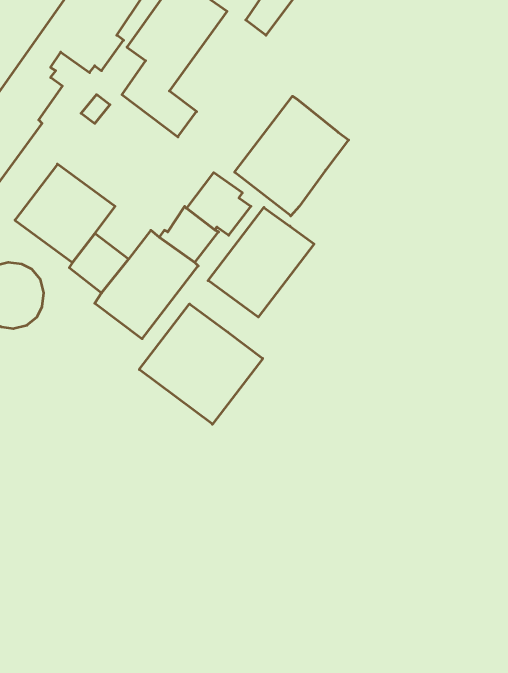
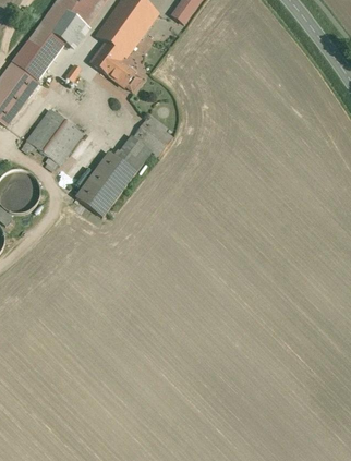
building: [235,96,349,216] -> none
building: [208,207,314,317] -> none
building: [139,304,263,424] -> none

